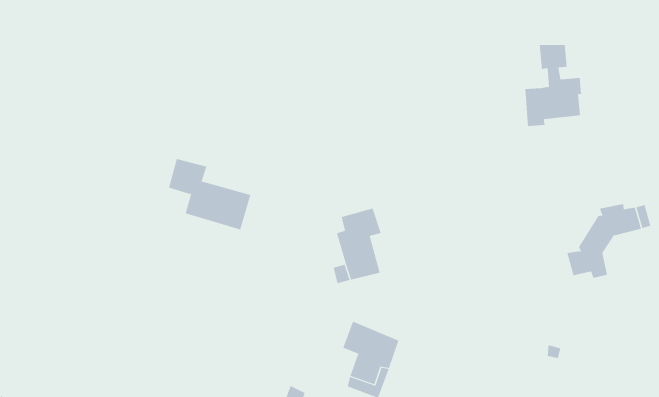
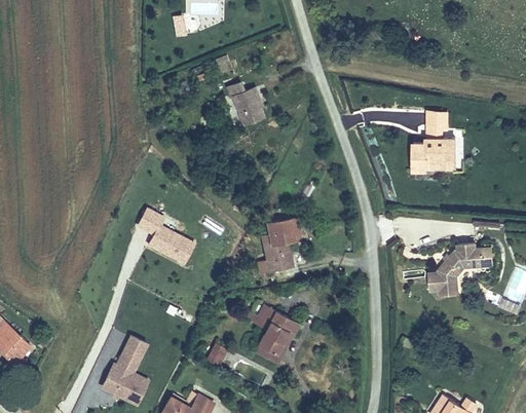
building: none -> [233,87,264,125]
building: [168,158,251,230] -> [136,208,195,267]

